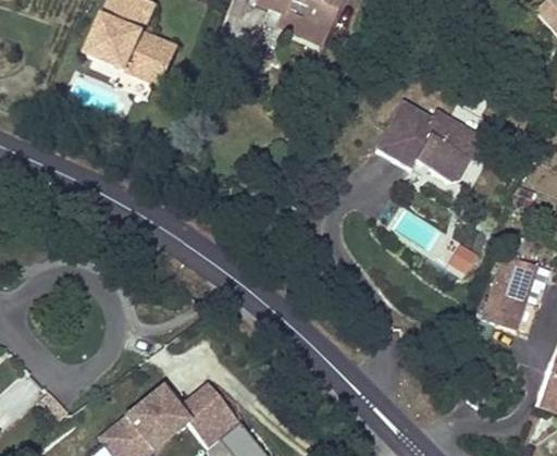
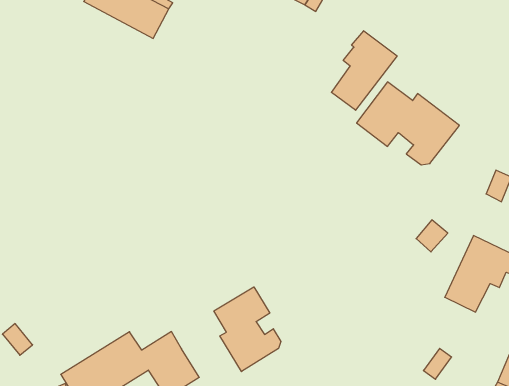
building: none -> [331,31,397,110]
building: none -> [214,287,281,372]

